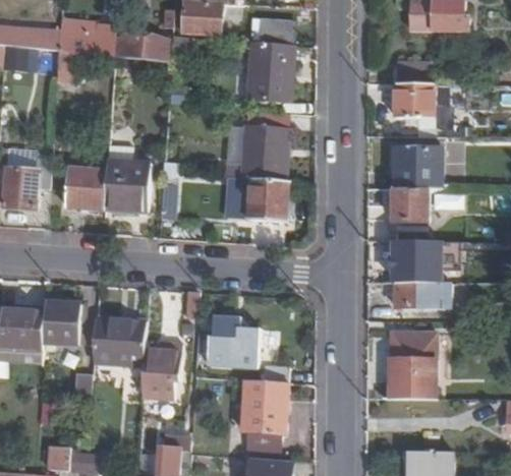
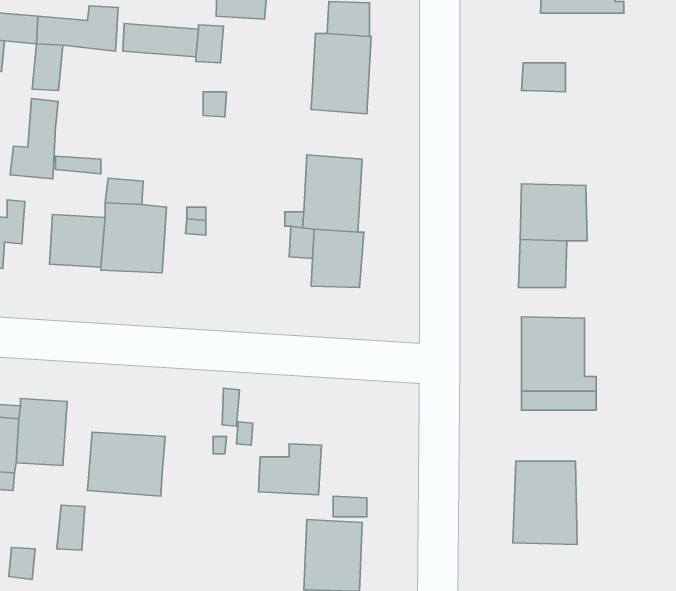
building: [397,82,435,117] -> none
building: none -> [10,98,58,179]
building: [141,342,179,405] -> none

